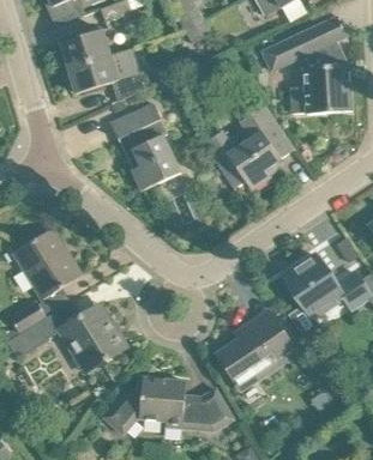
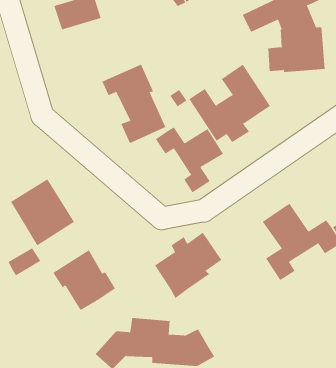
building: [67,50,149,98] -> none
building: none -> [155,127,224,193]
building: [218,316,291,388] -> [154,232,222,299]
building: [6,321,47,357] -> none

